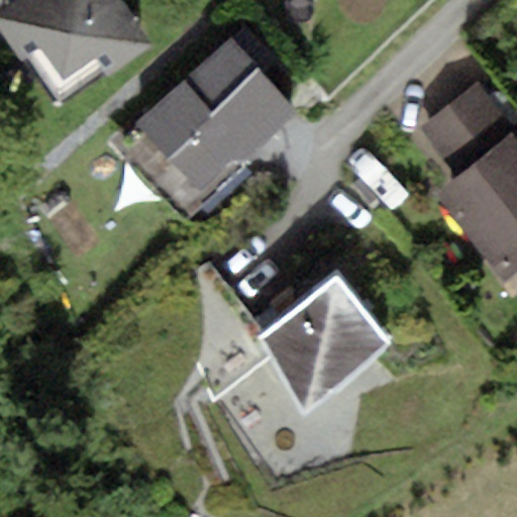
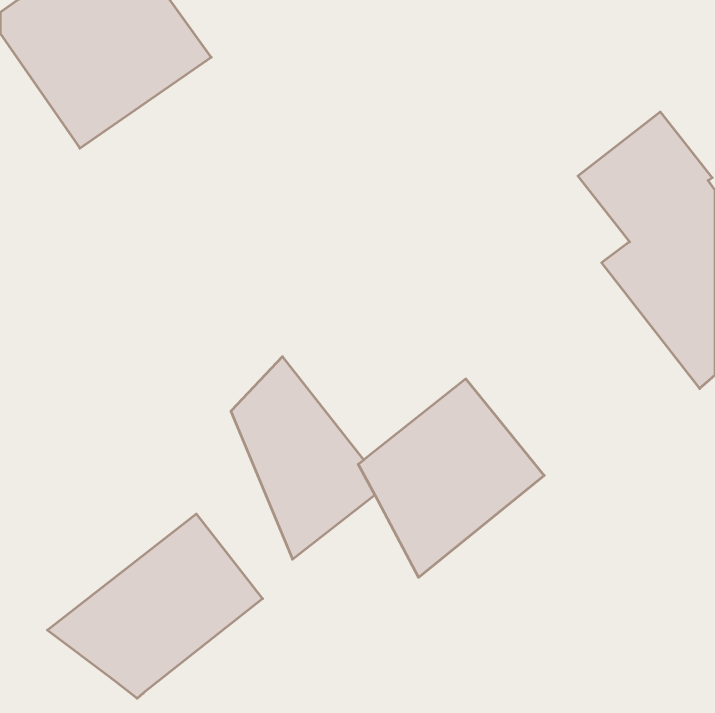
building: [136,37,296,189] -> none
building: none -> [47,514,263,698]

